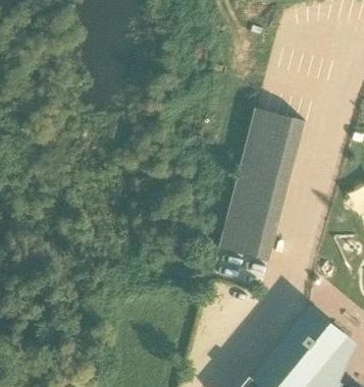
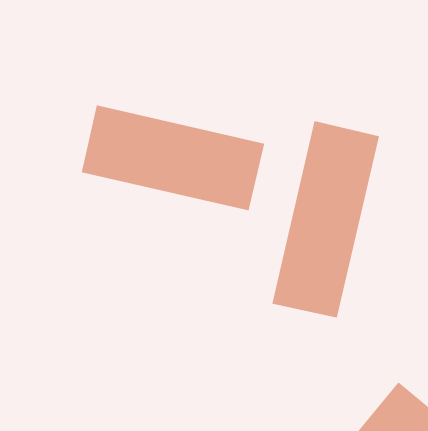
building: none -> [81,104,265,211]

